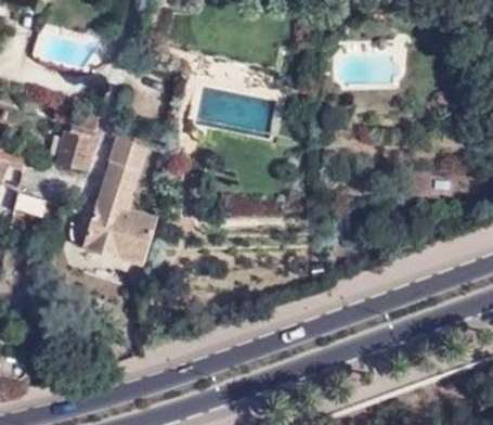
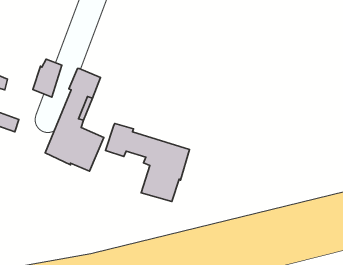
building: none -> [105,124,189,201]

